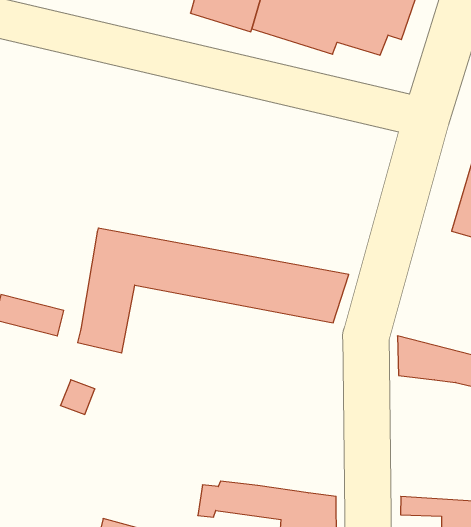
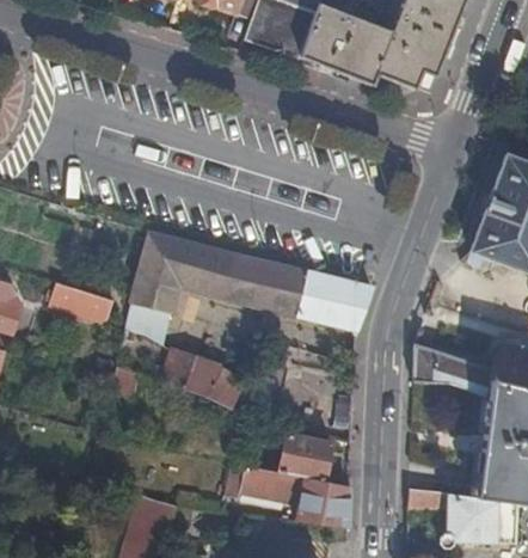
building: none -> [164,351,245,409]
building: none -> [280,434,332,482]

